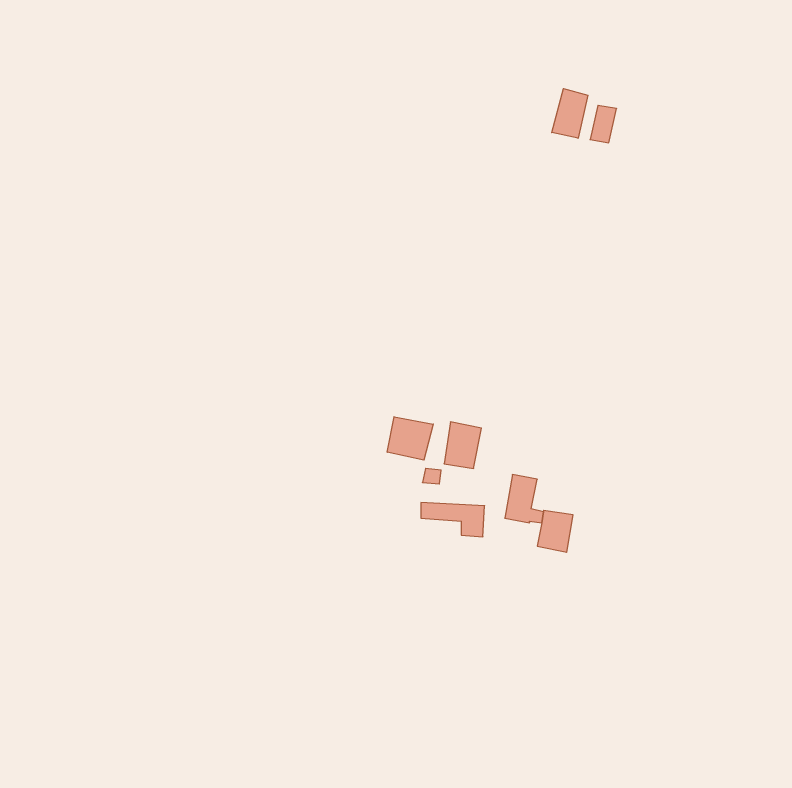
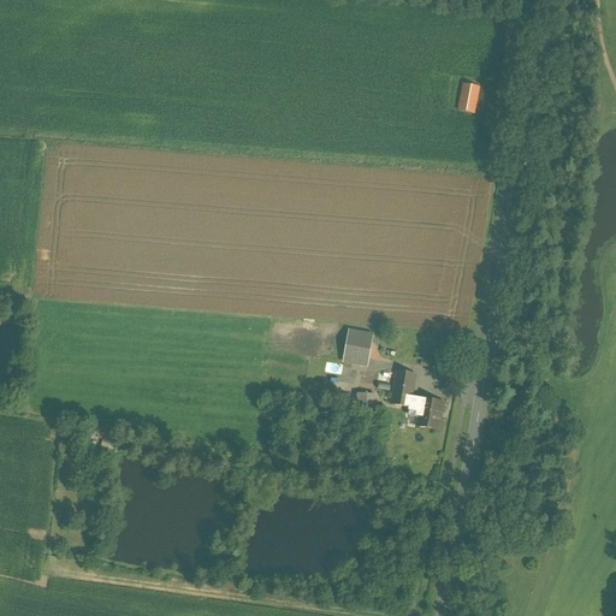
building: [552,89,588,138] -> none
building: [387,417,433,460] -> none

